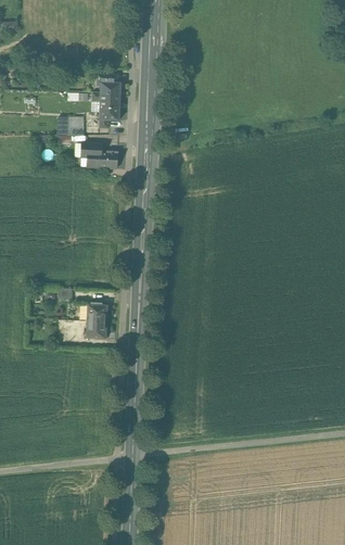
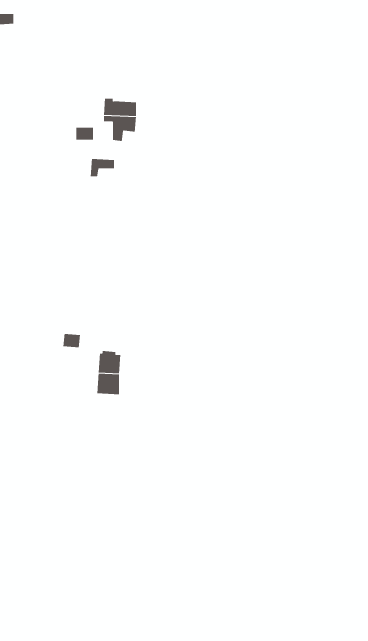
building: [97,73,120,94] -> none
building: [87,150,117,167] -> none

